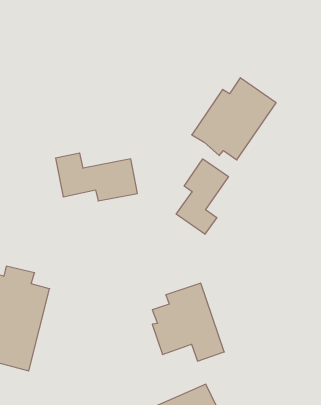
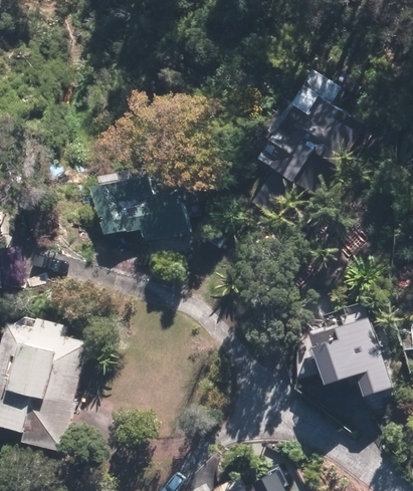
building: [176,159,228,234] -> none
building: [152,283,224,361] -> [304,304,391,398]

